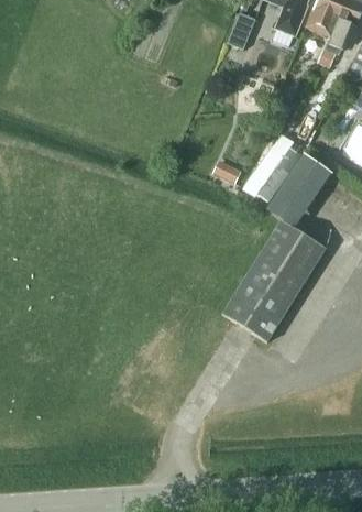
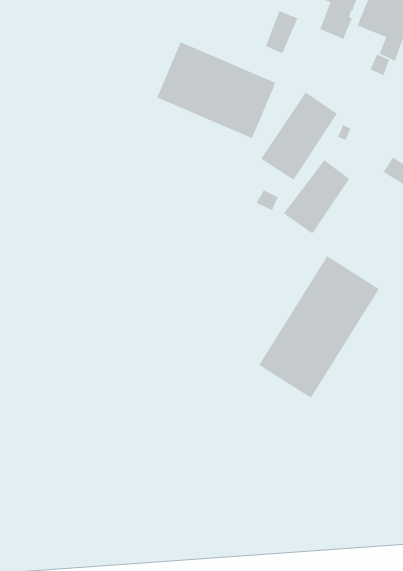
building: none -> [156,41,276,139]
building: [266,152,332,228] -> [260,91,338,181]

